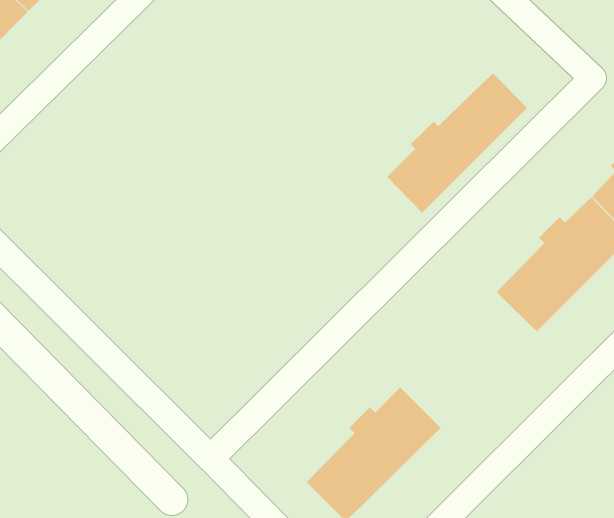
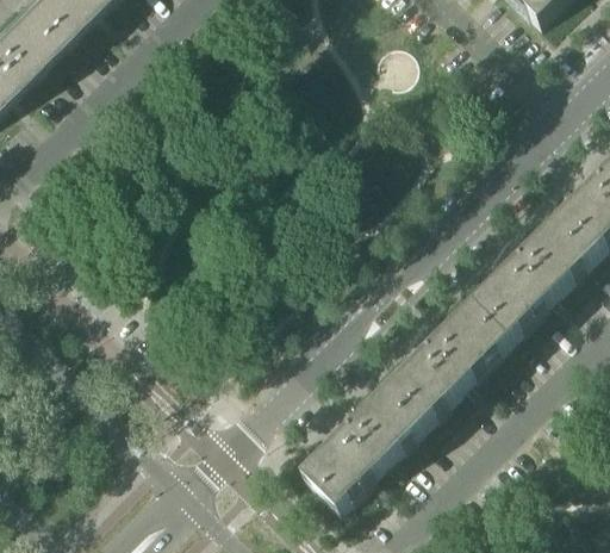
building: [386,72,528,213] -> none
building: none -> [390,300,512,422]

